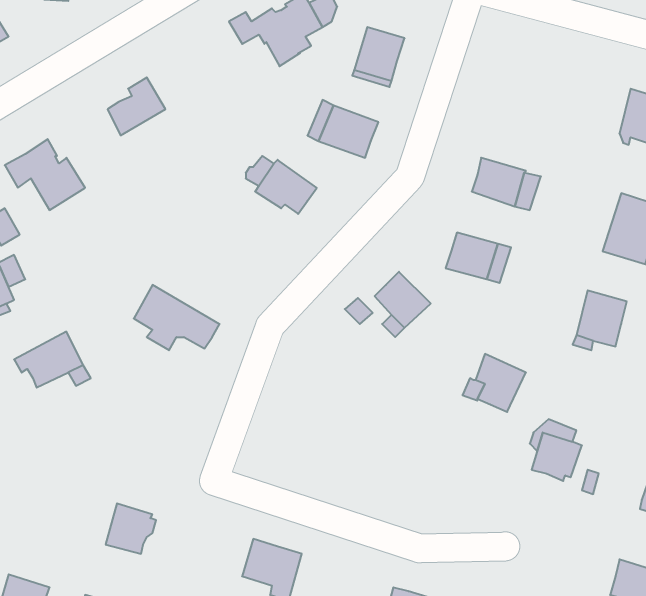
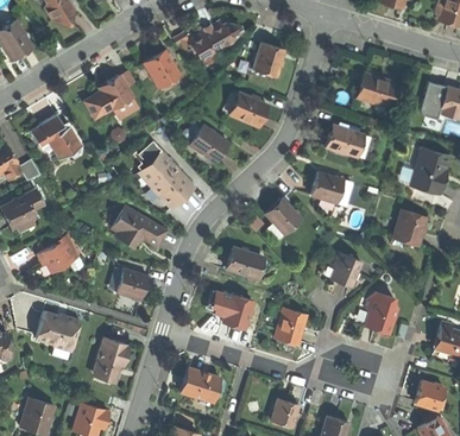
building: none -> [146,53,179,88]
building: none -> [358,74,398,108]
building: none -> [86,95,140,120]
building: none -> [140,152,195,208]
building: none -> [228,248,261,278]
building: none -> [111,267,141,297]
building: none -> [210,290,252,327]
building: none -> [277,309,307,343]
building: none -> [37,310,81,349]

